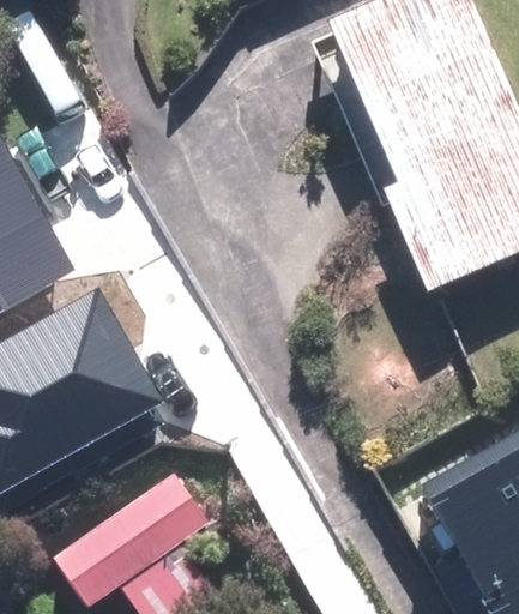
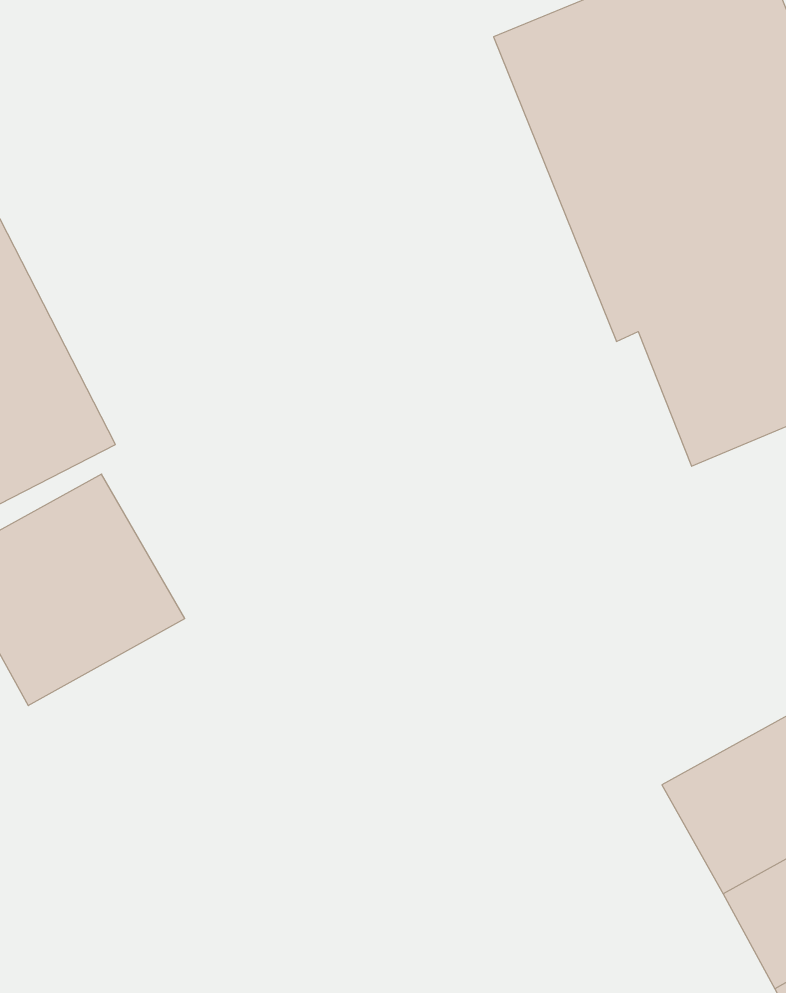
building: [56,476,209,607] -> none

